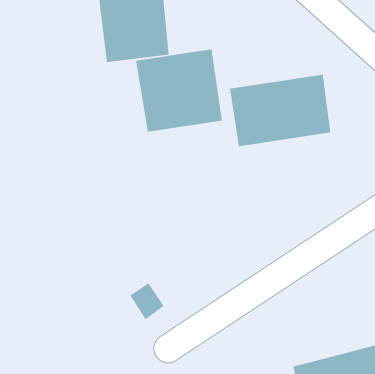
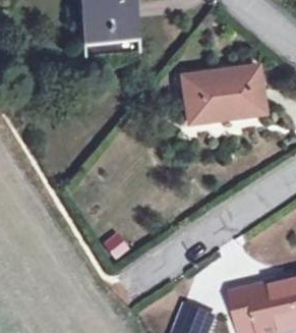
building: [136,49,222,132] -> none

